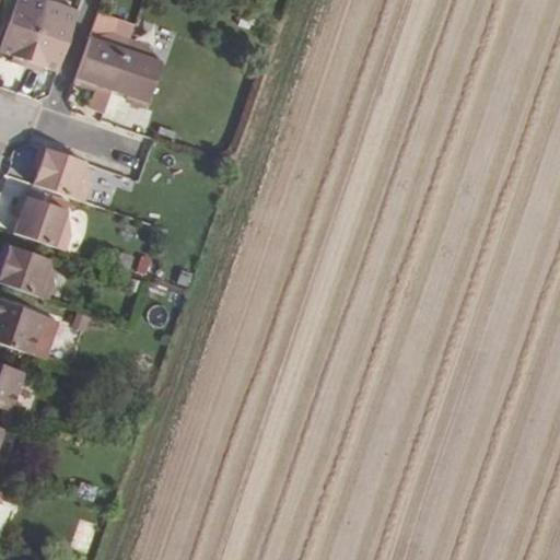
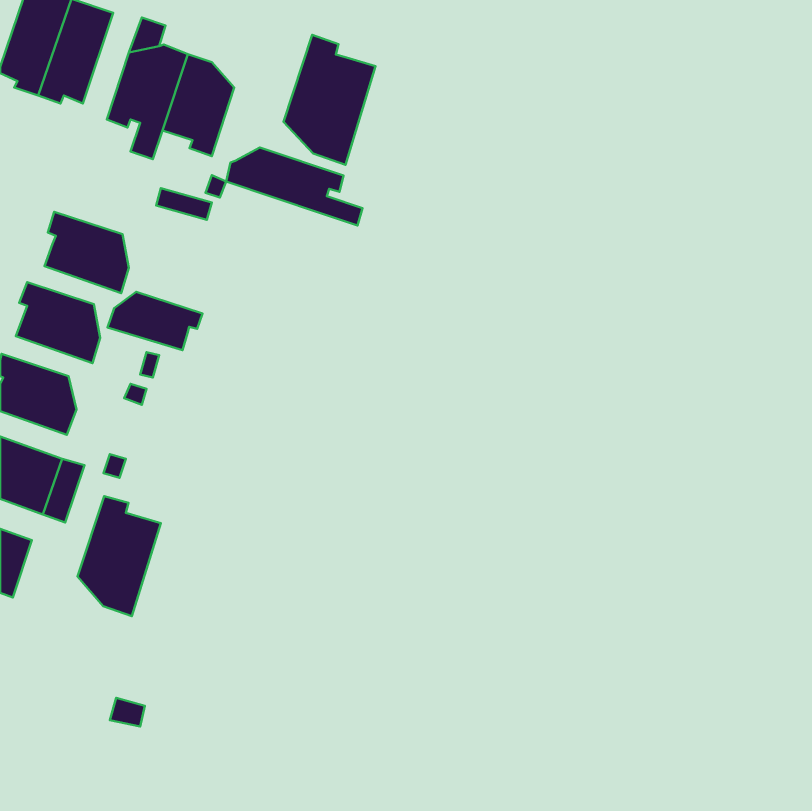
building: none -> [283,35,376,165]
building: none -> [226,148,362,225]
building: none -> [107,292,202,350]
building: none -> [77,496,161,616]

